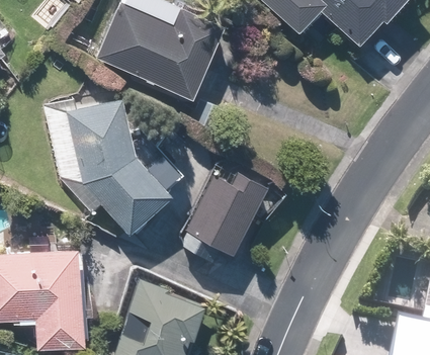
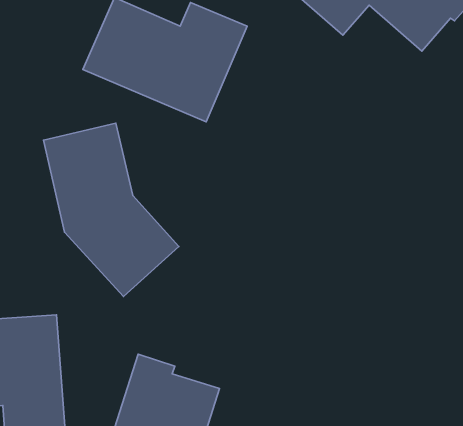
building: [185,173,265,255] -> none

